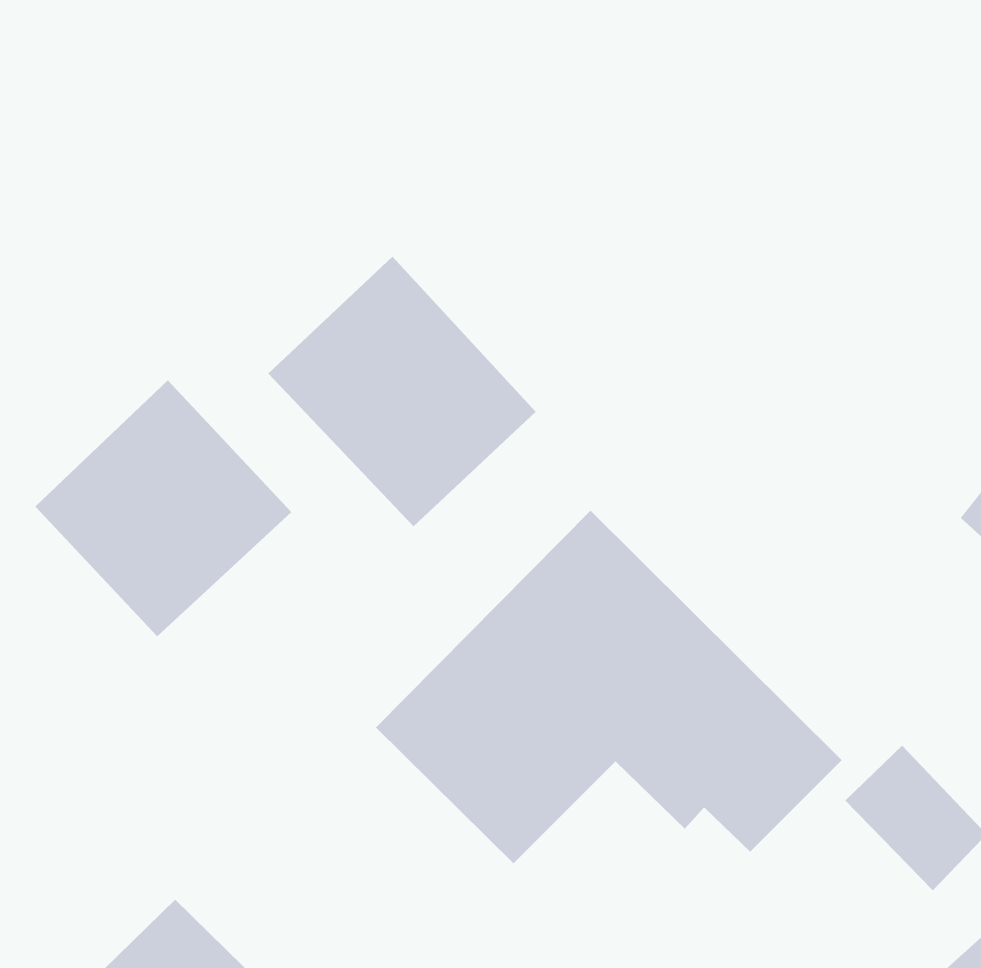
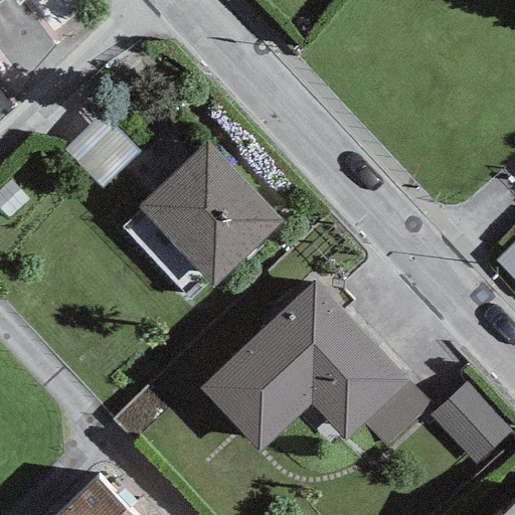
building: [34,379,292,637] -> none

